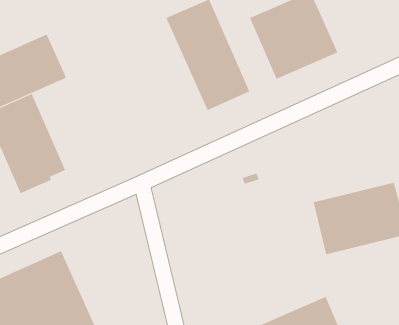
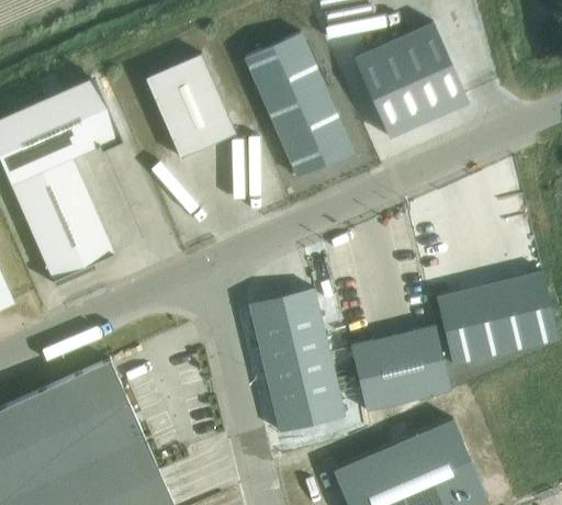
building: none -> [145,54,236,157]
building: none -> [250,289,345,431]
building: none -> [351,327,451,413]

